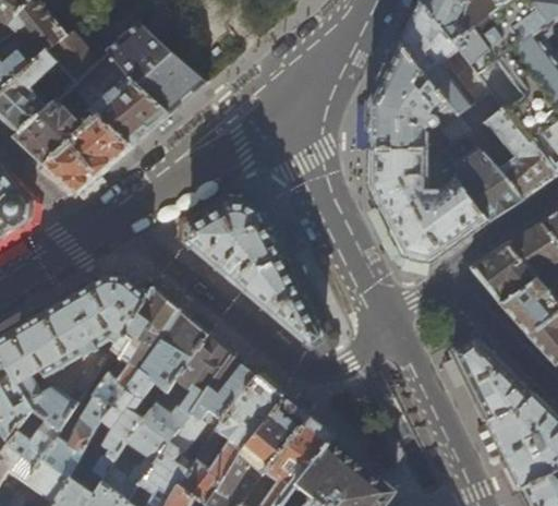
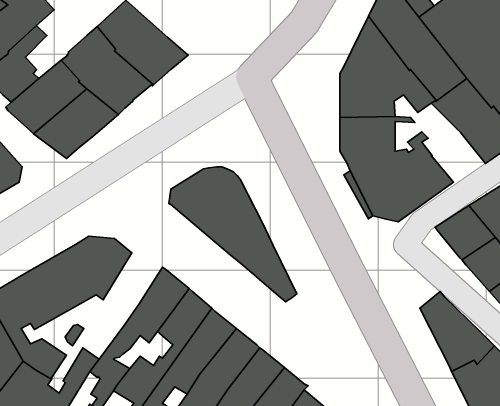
building: [45,34,98,86] -> none
building: [442,136,522,222] -> none
building: [92,287,179,409] -> none

